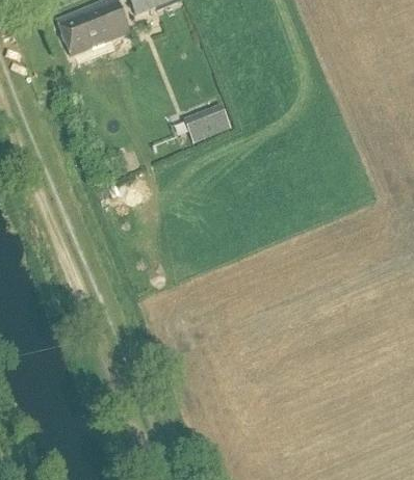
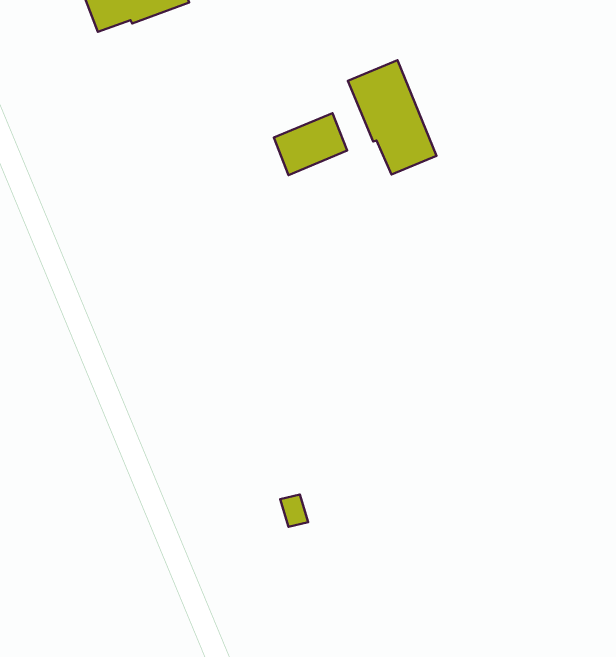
building: none -> [348,60,437,174]

